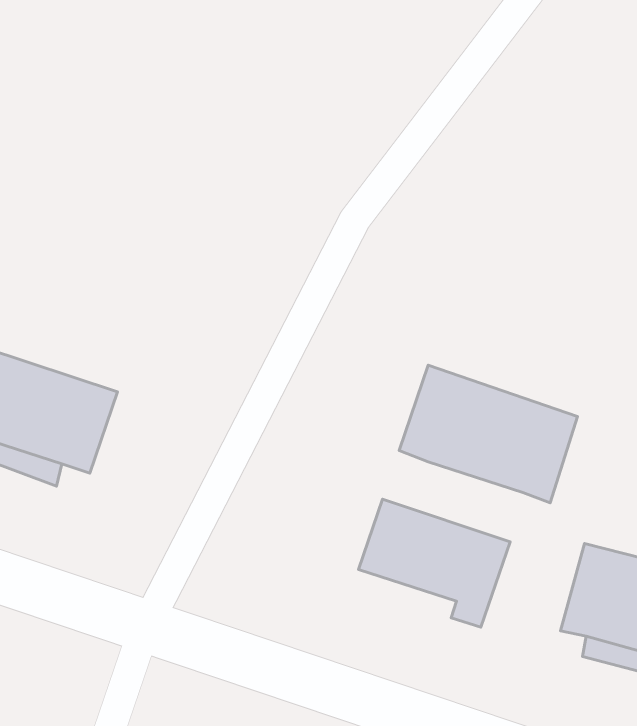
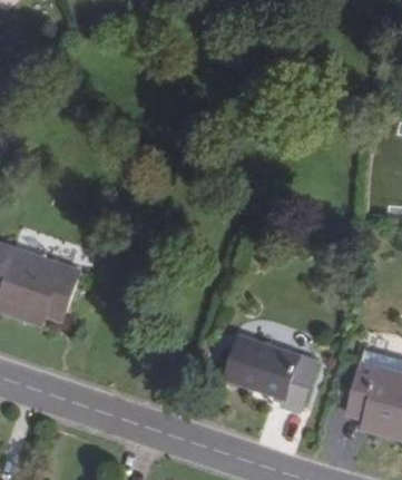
building: [399,365,578,503] -> none

